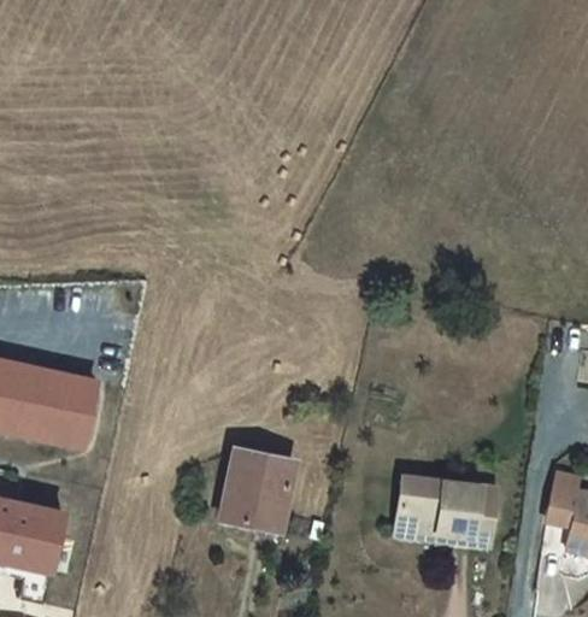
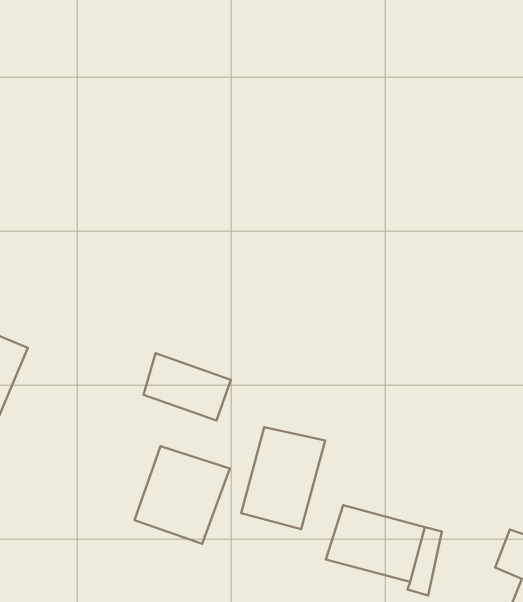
building: none -> [143,353,231,420]
building: none -> [241,427,325,529]

